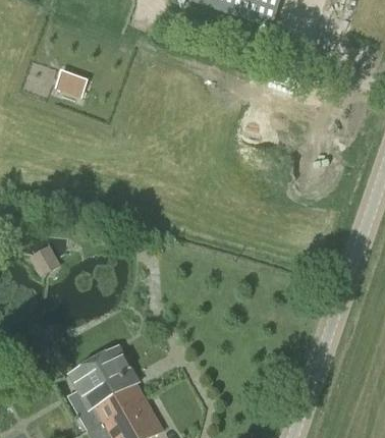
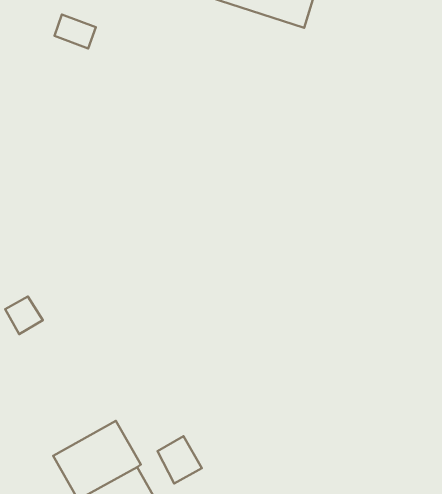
building: [51,69,85,97] -> [54,14,96,48]
building: none -> [157,436,202,484]

